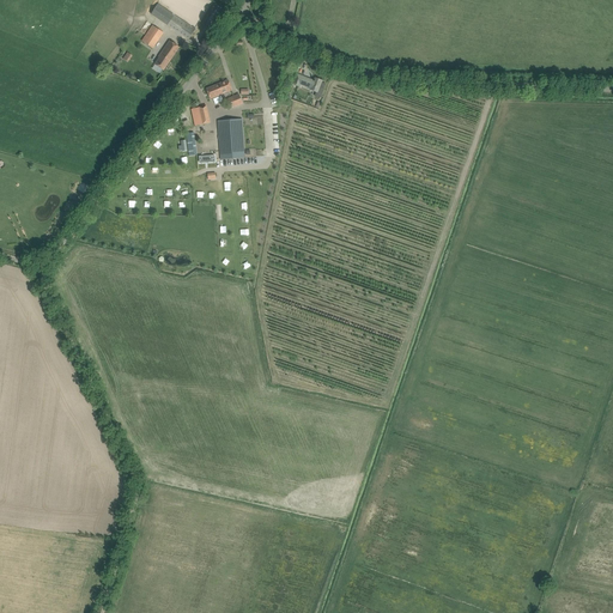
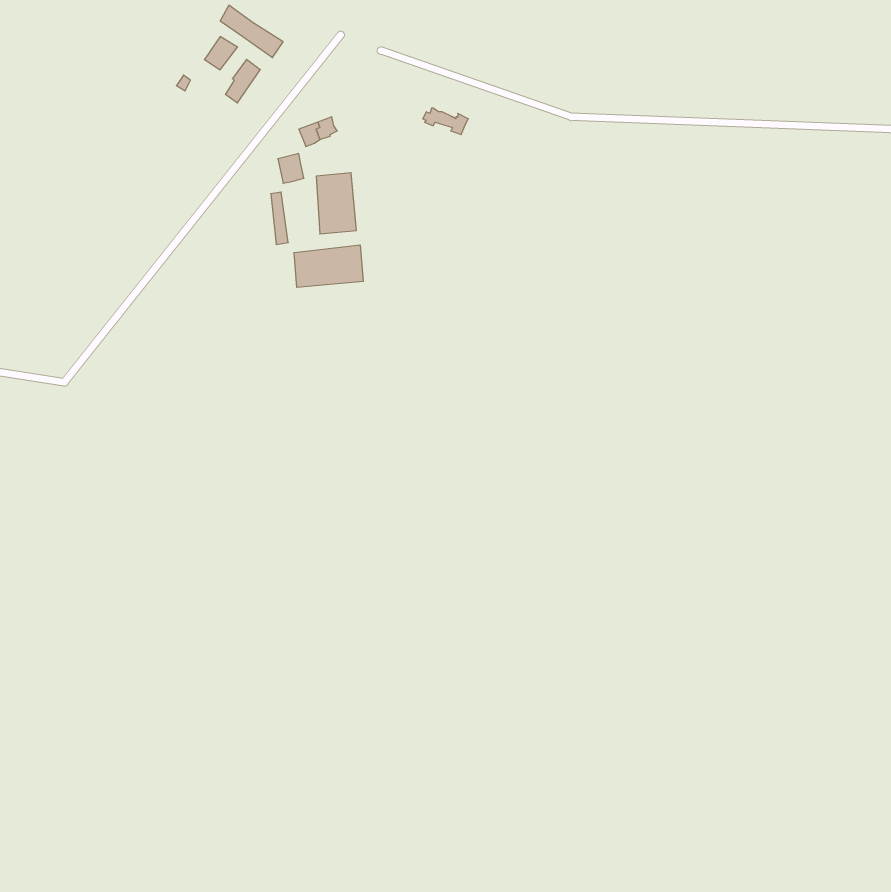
building: none -> [294,245,363,287]

